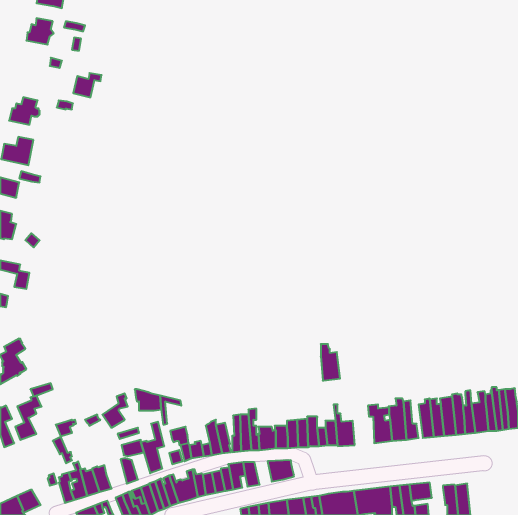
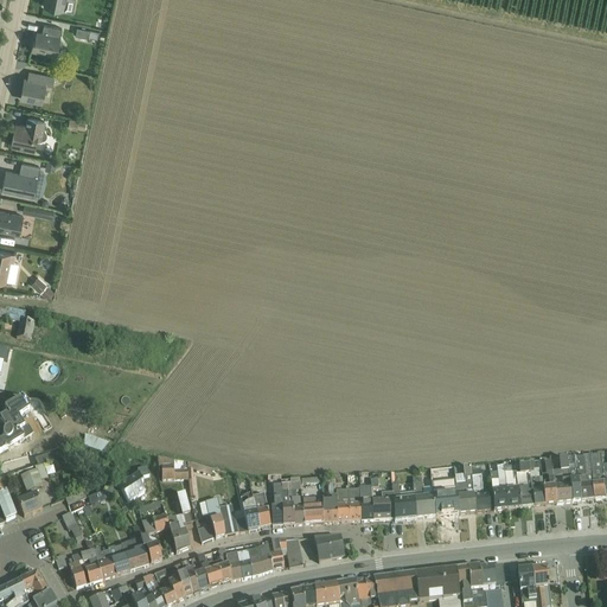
building: [73,73,102,97] -> [20,71,53,100]
building: [321,344,340,381] -> [413,478,435,520]
building: none -> [121,537,148,571]

